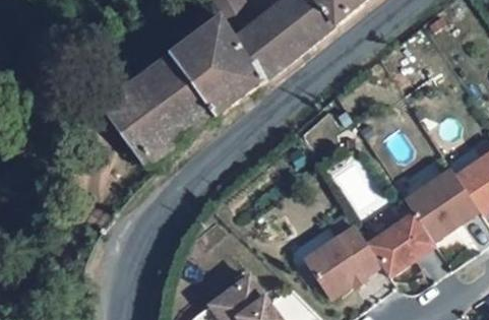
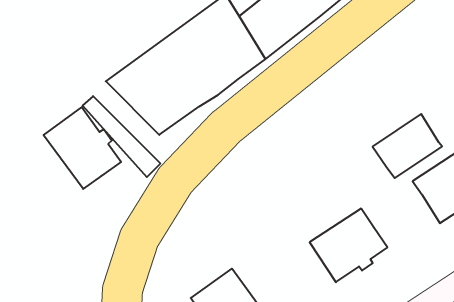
building: none -> [44,107,121,189]
building: [377,204,444,266] -> [373,114,442,178]

